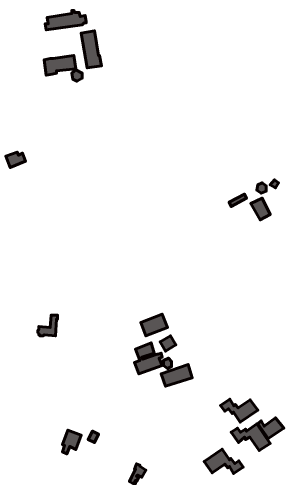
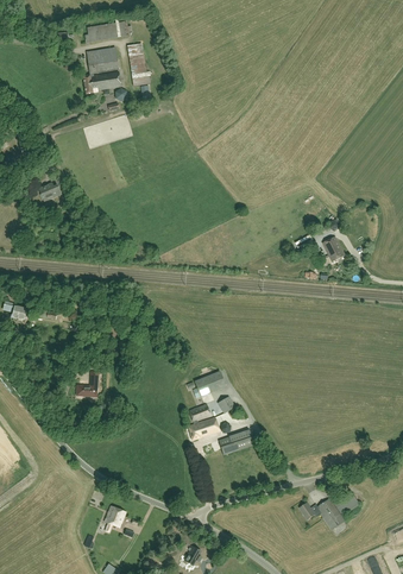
building: none -> [86,48,117,75]
building: [221,399,258,422] -> none
building: [204,449,243,474] -> none

